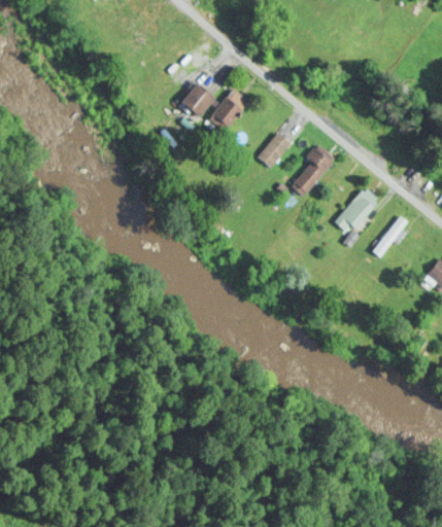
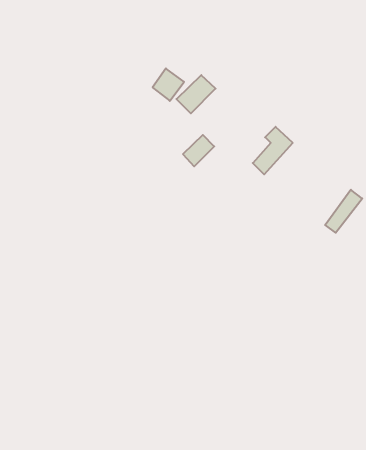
building: [257,134,291,168] -> [183,135,214,166]
building: [334,186,379,231] -> none

